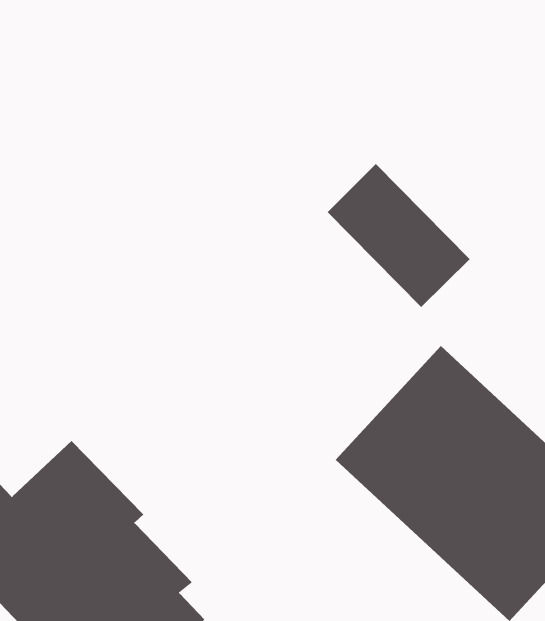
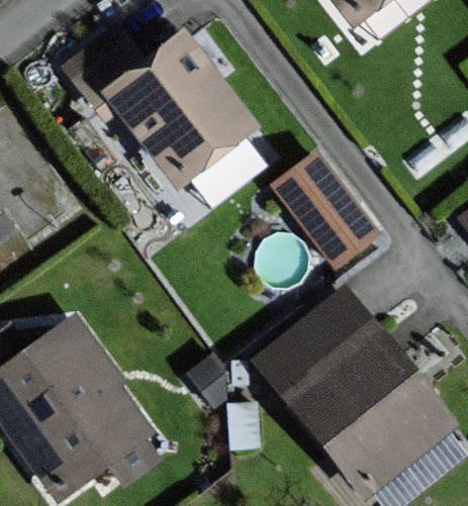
building: none -> [73,32,257,184]

